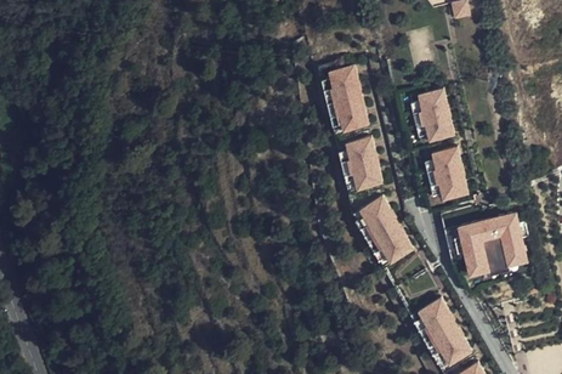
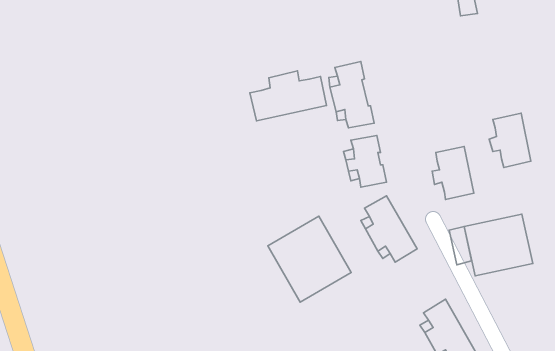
building: none -> [250,71,326,121]
building: [413,89,454,142] -> [489,113,531,167]
building: none -> [268,216,351,302]

